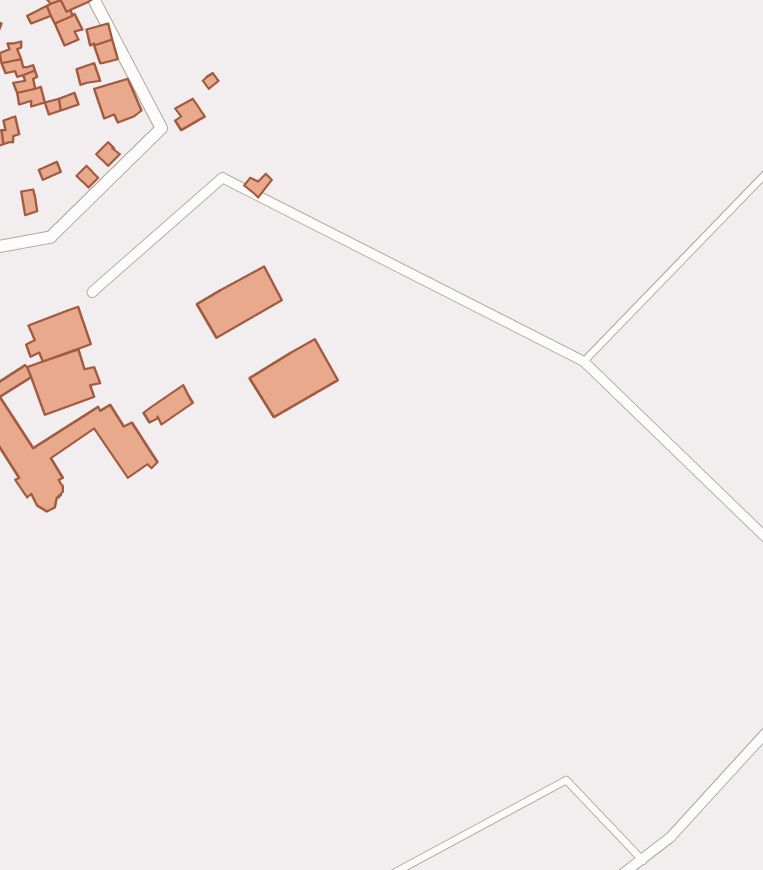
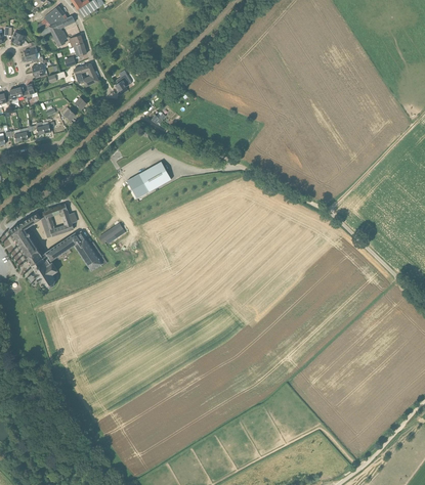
building: [26,307,91,361] -> none
building: [250,339,338,417] -> none

